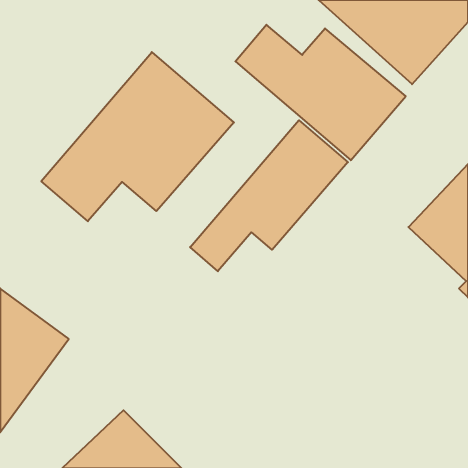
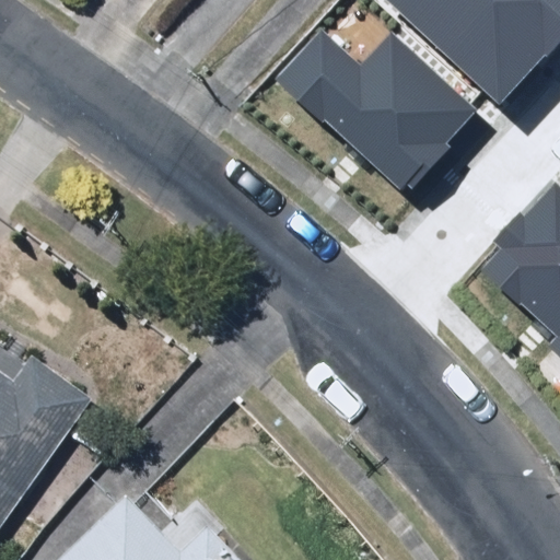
building: [41,52,234,221] -> none
building: [190,120,348,271] -> none

